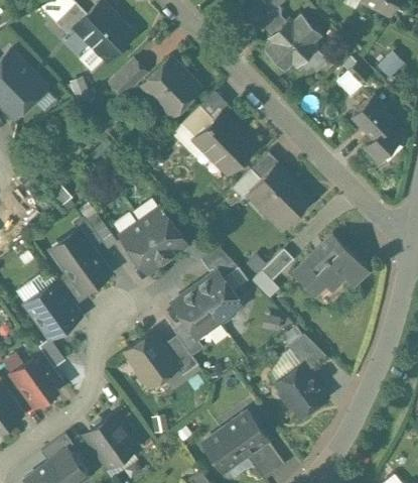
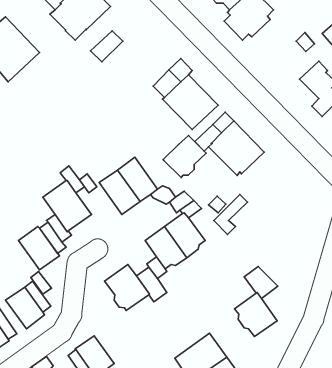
building: [142,58,199,116] -> none
building: none -> [163,135,206,177]
building: [295,237,367,299] -> none

